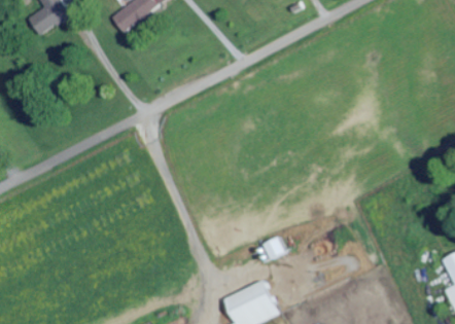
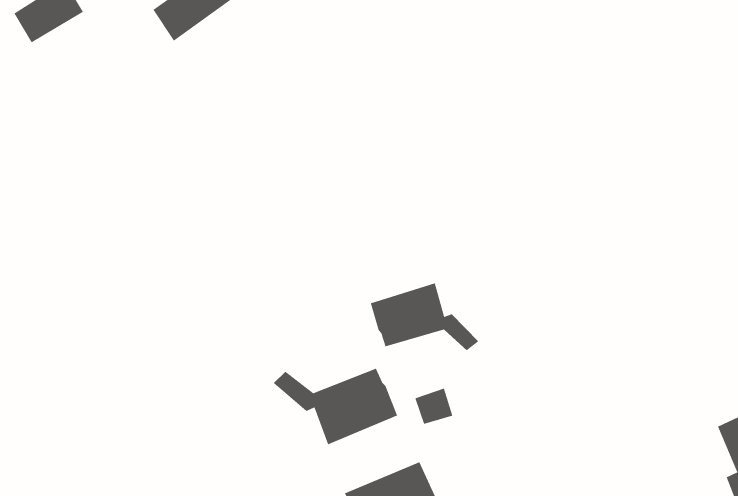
building: none -> [370,282,479,351]
building: none -> [273,368,398,445]

